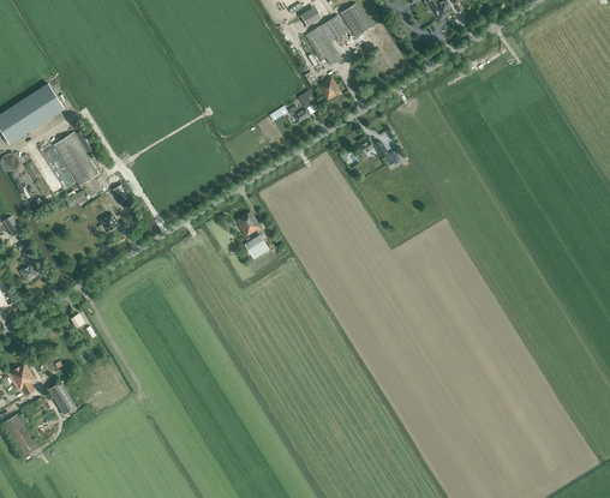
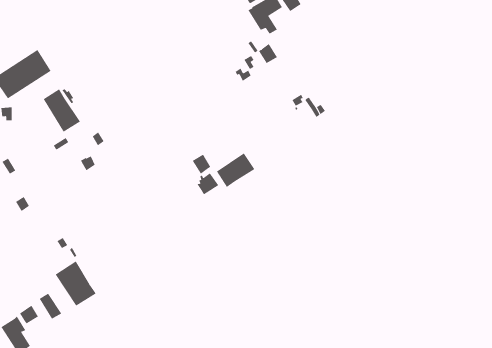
building: none -> [216,152,255,188]
building: none -> [55,261,96,307]
building: [6,362,35,395] -> none

